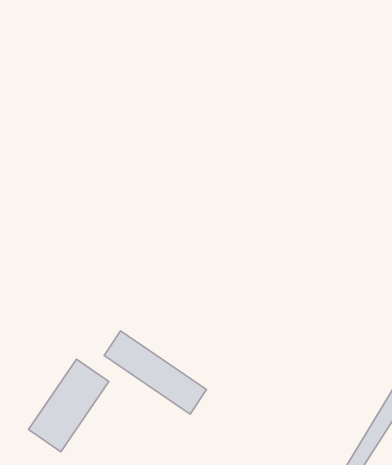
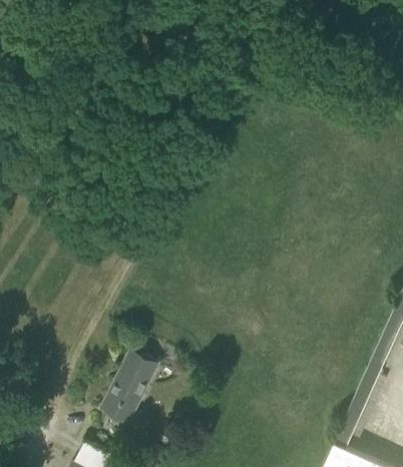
building: [104,331,207,414] -> none

